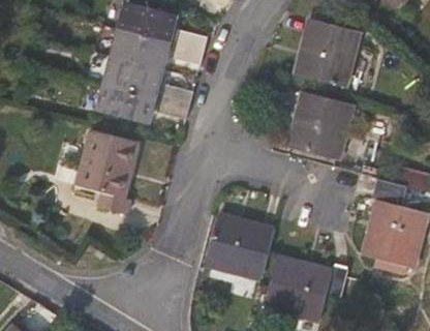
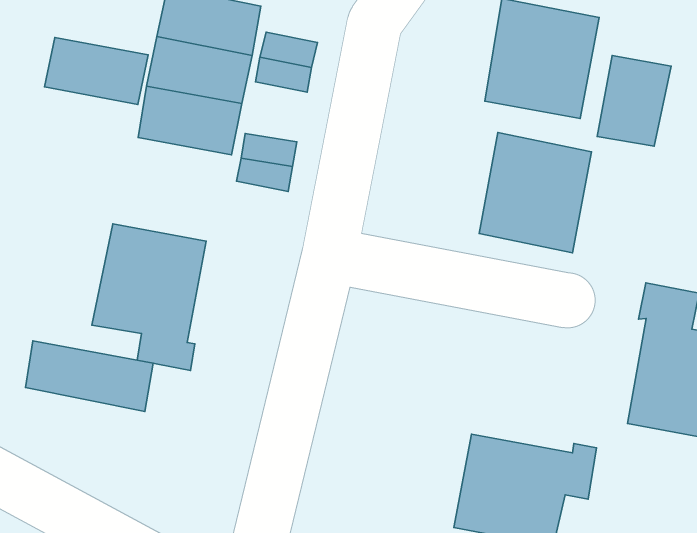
building: none -> [597,56,671,146]
building: [97,84,155,123] -> [44,37,148,104]
building: none -> [25,341,153,411]
building: [207,215,274,279] -> none

